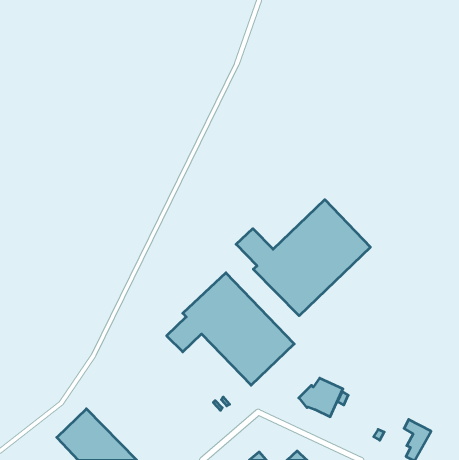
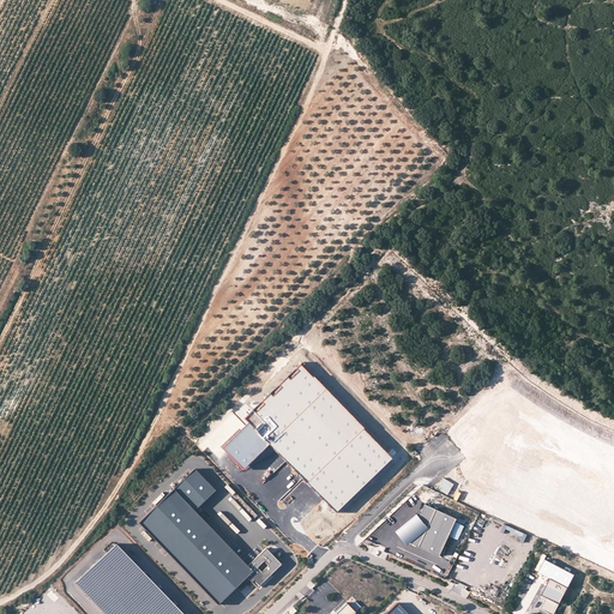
building: [236,200,370,316] -> none
building: none -> [140,469,283,604]

